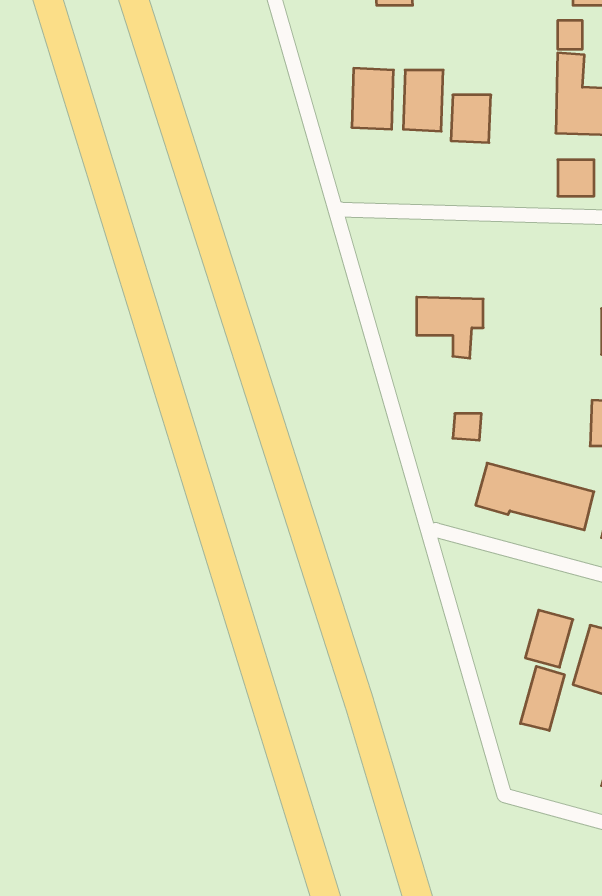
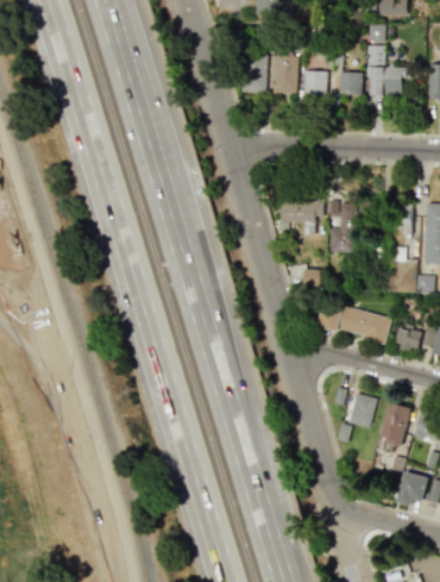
building: [558,160,594,196] -> [339,71,362,94]
building: none -> [327,201,356,252]
building: [520,666,564,731] -> none

